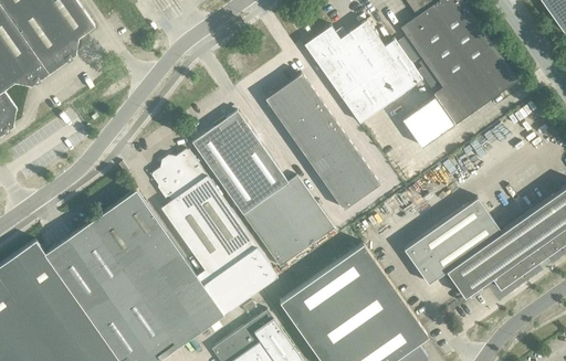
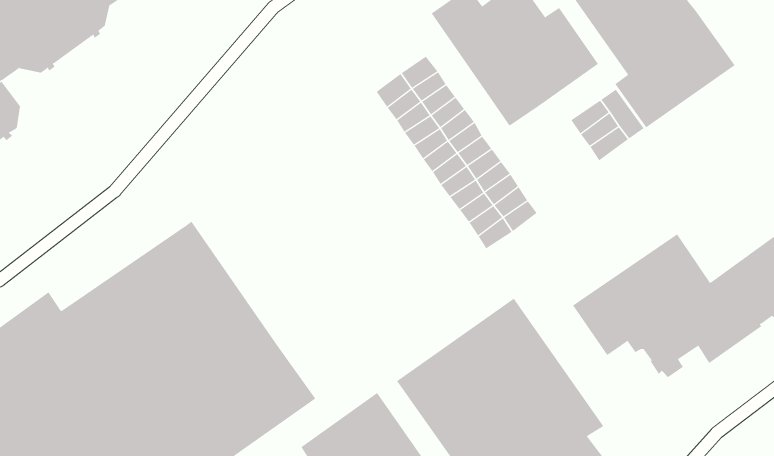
building: [192,112,334,269] -> none
building: [153,150,277,315] -> none

